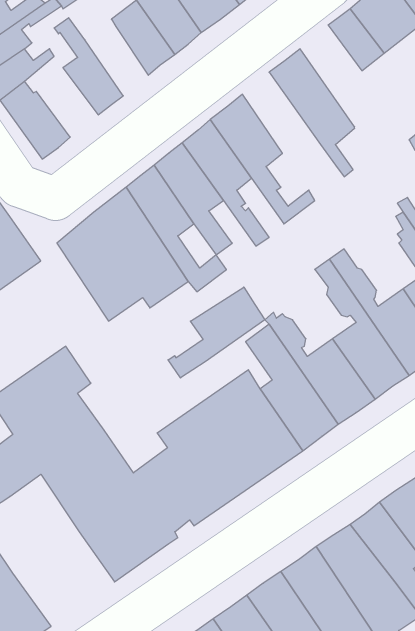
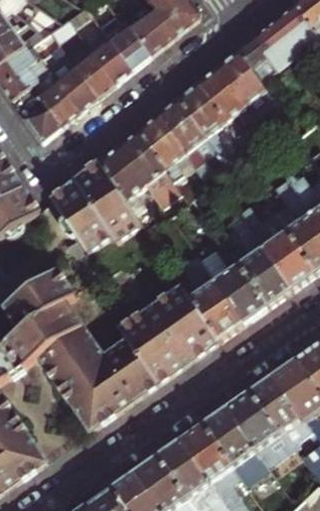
building: none -> [215,49,263,119]
building: none -> [68,50,112,98]
building: none -> [27,77,77,126]
building: none -> [176,82,246,169]
building: [168,287,265,378] -> none

